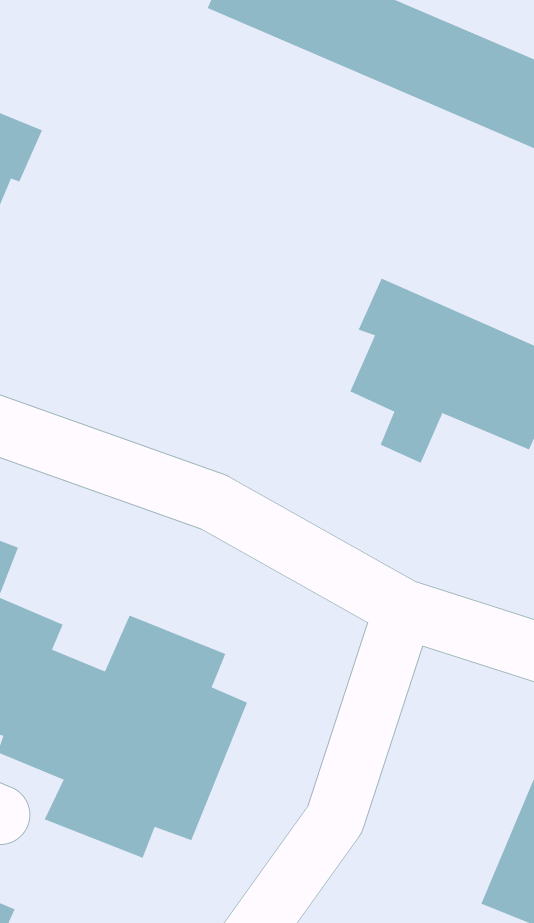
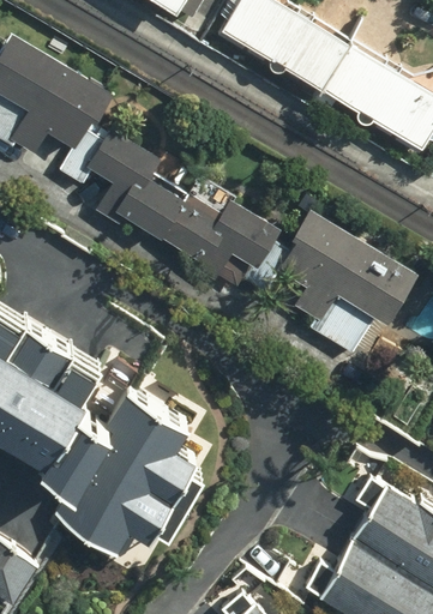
building: none -> [88,130,276,291]

